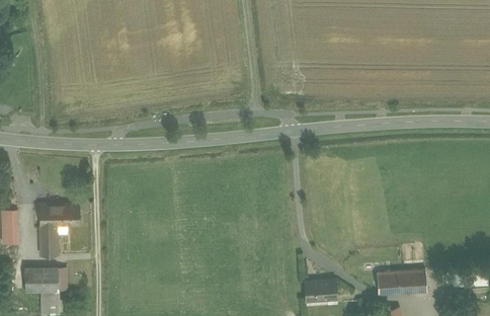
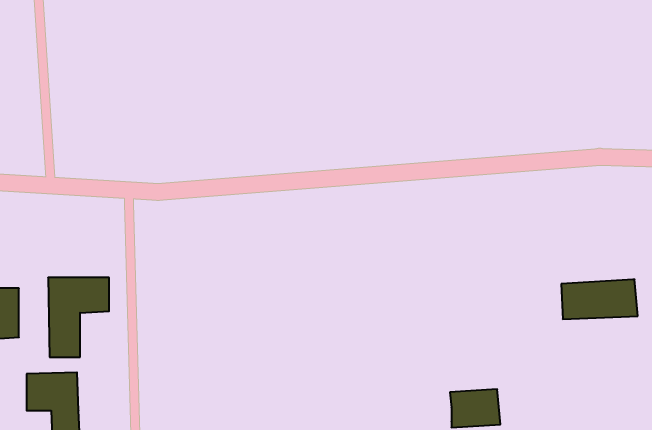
building: [376,268,426,295] -> [561,279,638,319]

